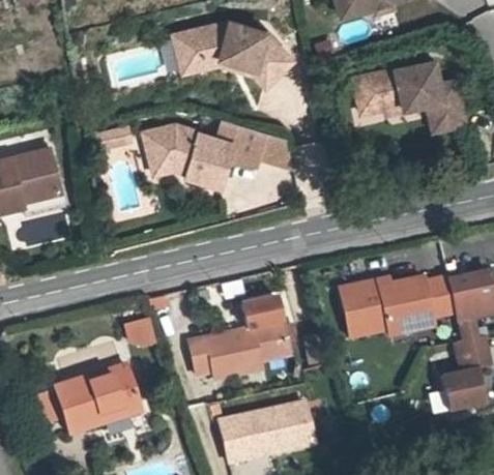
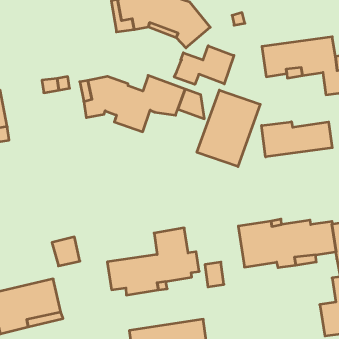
building: none -> [174,46,234,84]
building: none -> [197,90,260,167]
building: none -> [262,122,332,157]

